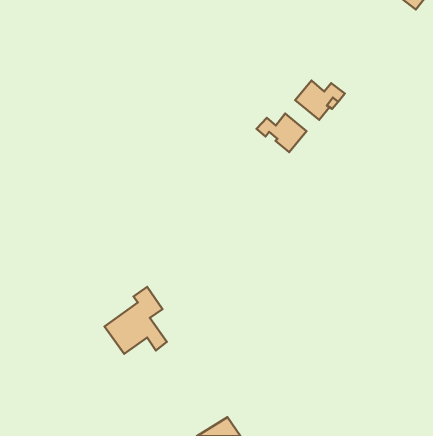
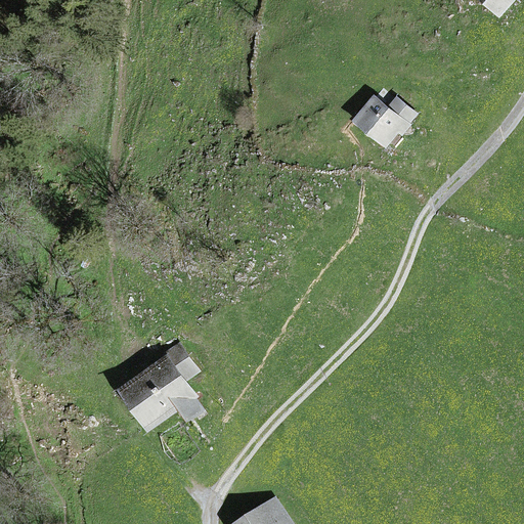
building: [256,113,307,152] -> none

